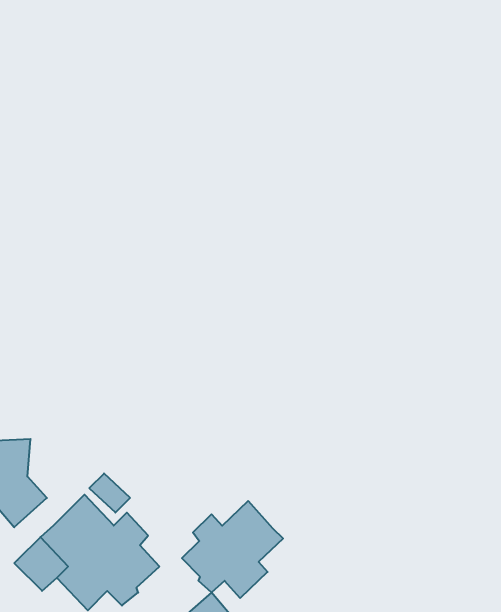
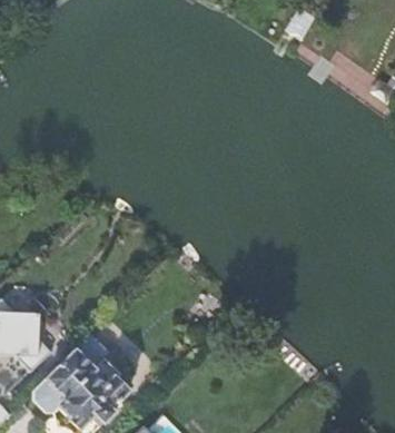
building: [182,501,283,598] -> none

